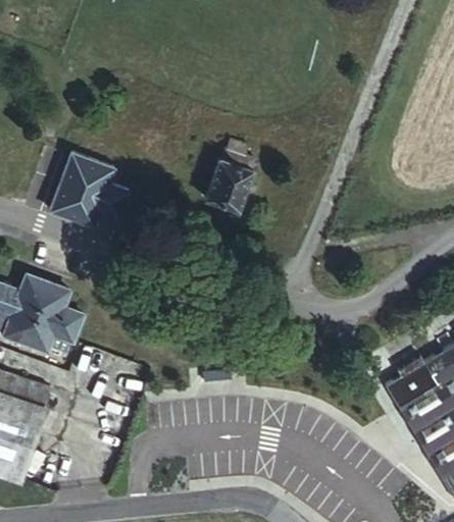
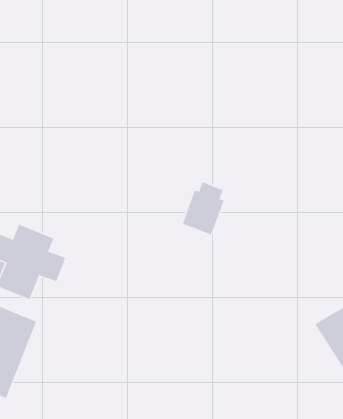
building: [210,146,260,209] -> [182,182,225,235]
building: [52,152,130,224] -> none

